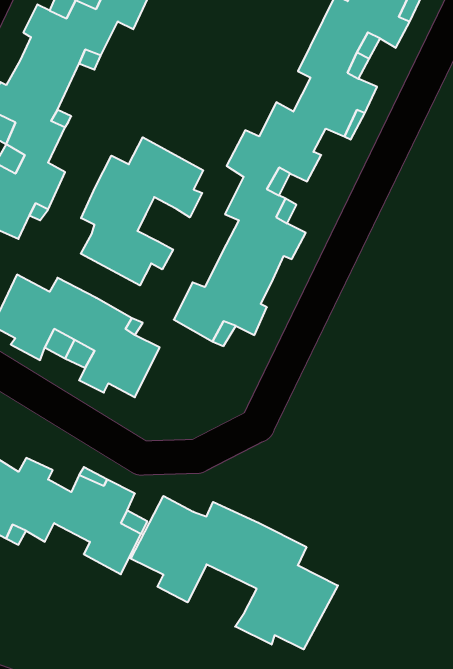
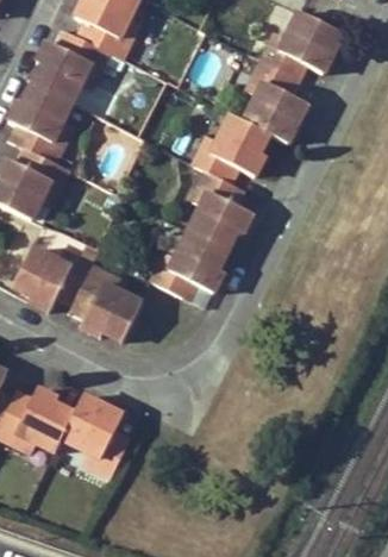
building: [81,137,203,285] -> none
building: [131,496,338,649] -> none

